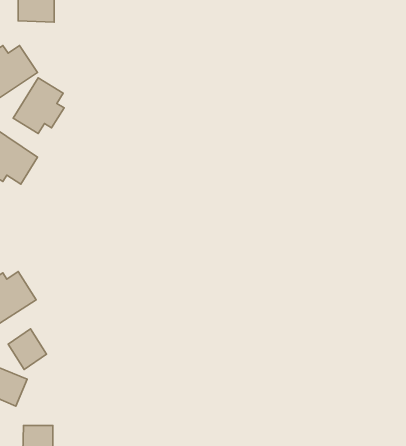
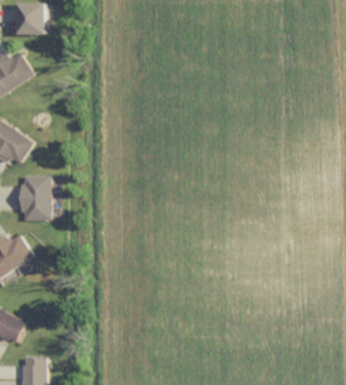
building: [13,78,64,134] -> none
building: none -> [18,176,50,221]
building: [8,329,47,370] -> none

